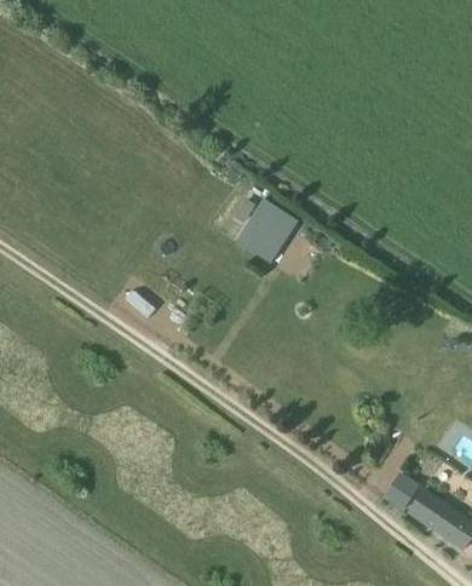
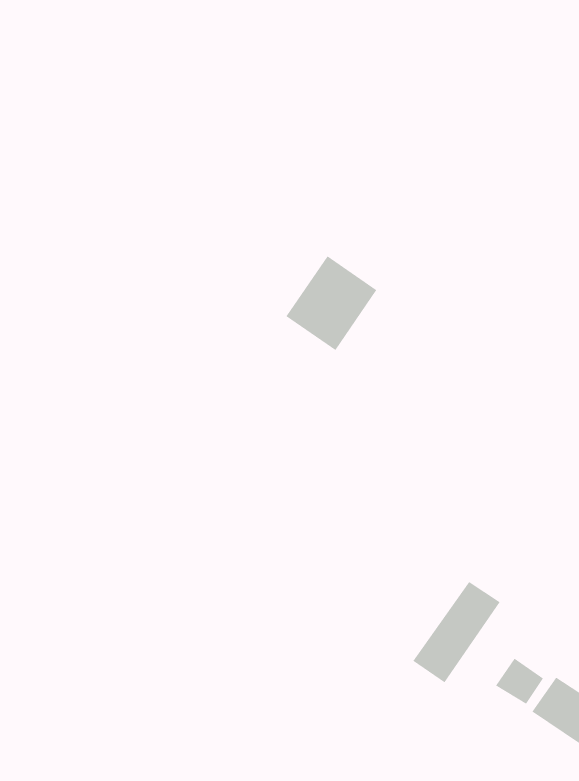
building: none -> [413,581,501,683]

